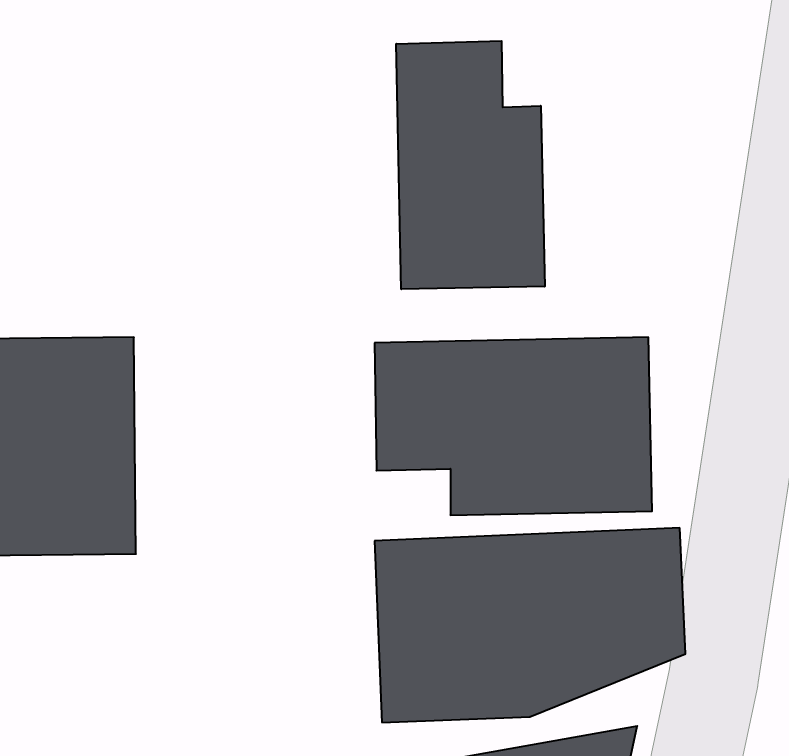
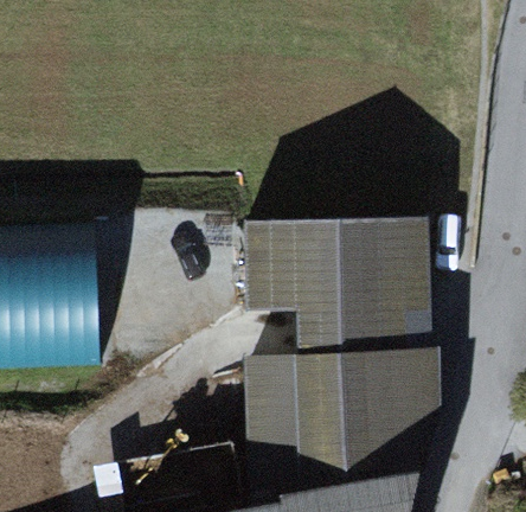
building: [396,41,545,289] -> none

